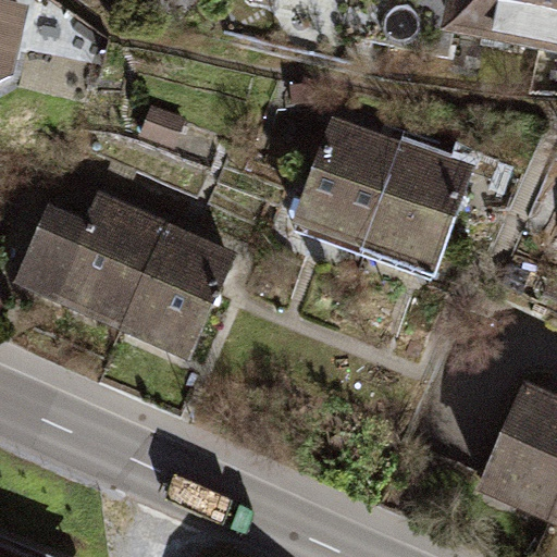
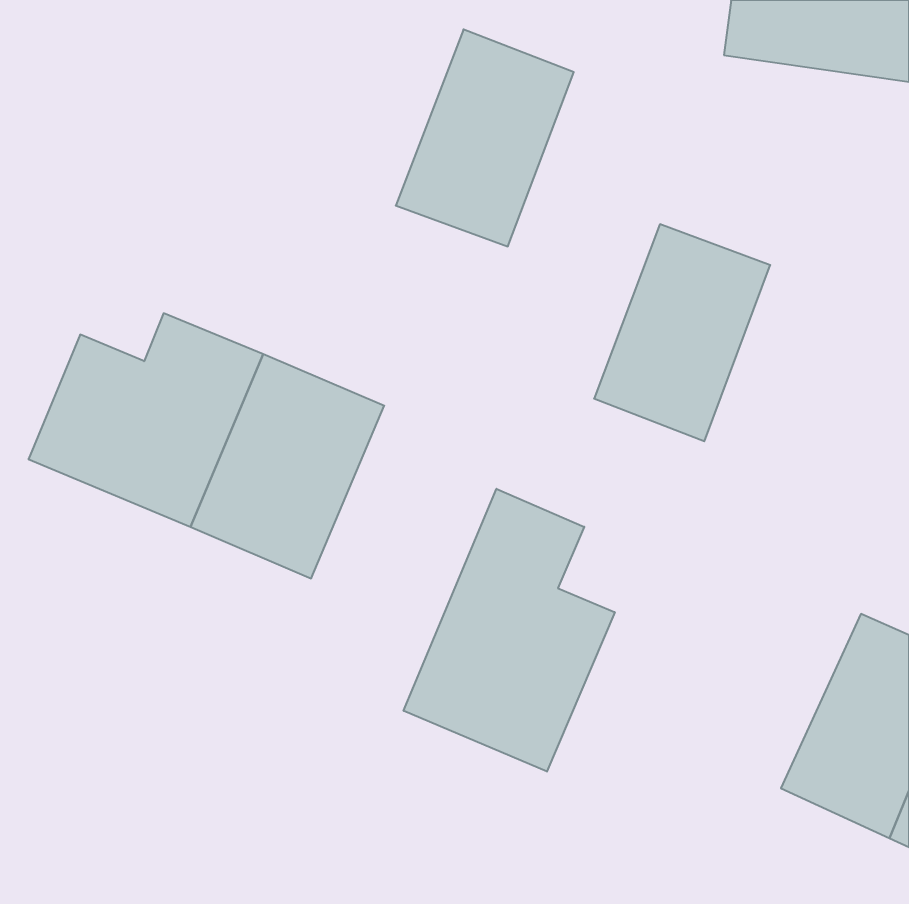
building: [295,114,404,247] -> [396,29,574,246]
building: none -> [404,489,615,772]

